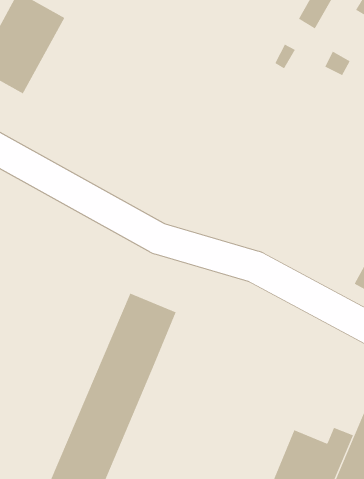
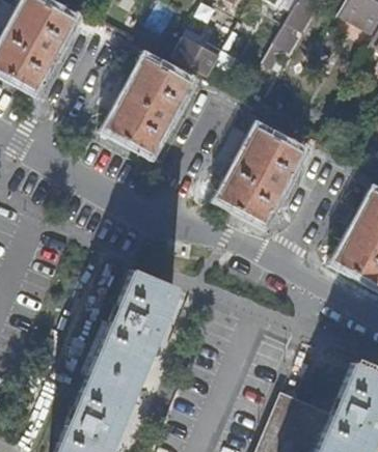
building: none -> [171,35,219,75]
building: none -> [108,57,190,151]
building: none -> [221,128,303,222]

